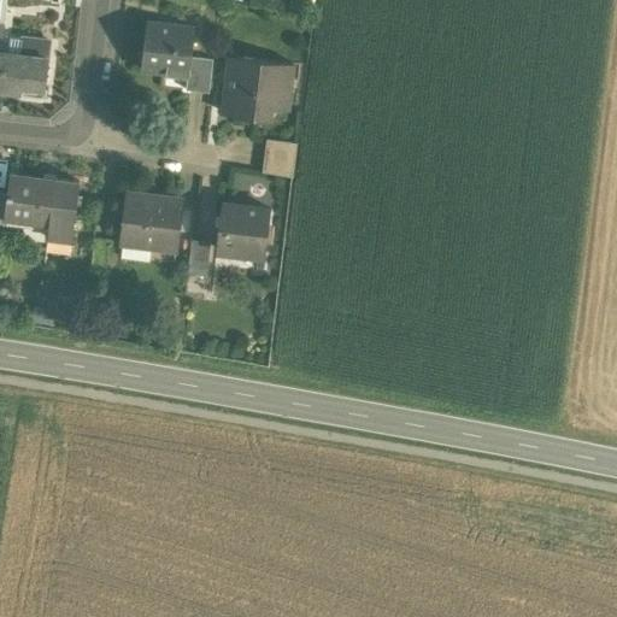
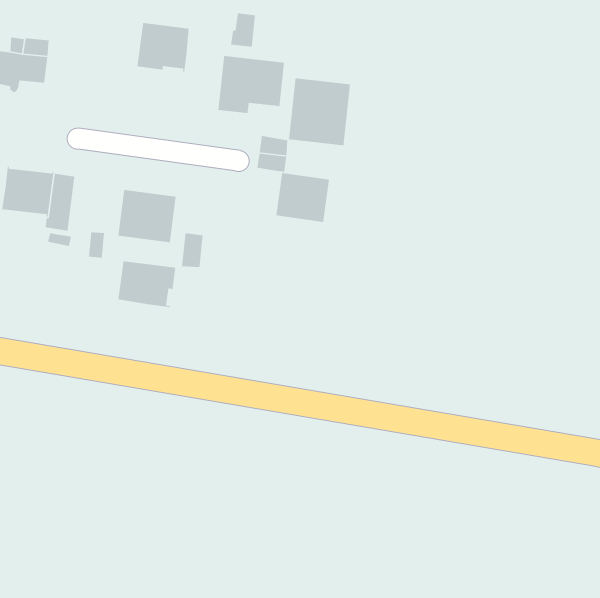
building: [184,59,211,95] -> [230,12,256,48]
building: none -> [288,77,351,146]
building: [215,205,270,257] -> [276,172,330,223]
building: none -> [117,260,176,308]

